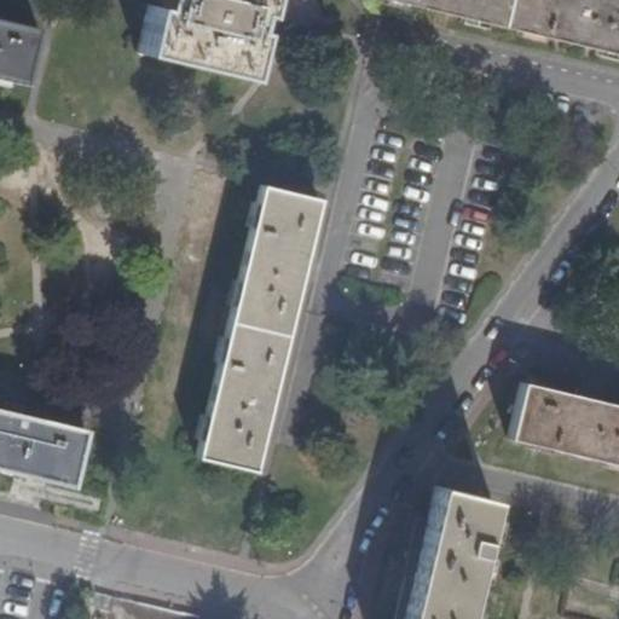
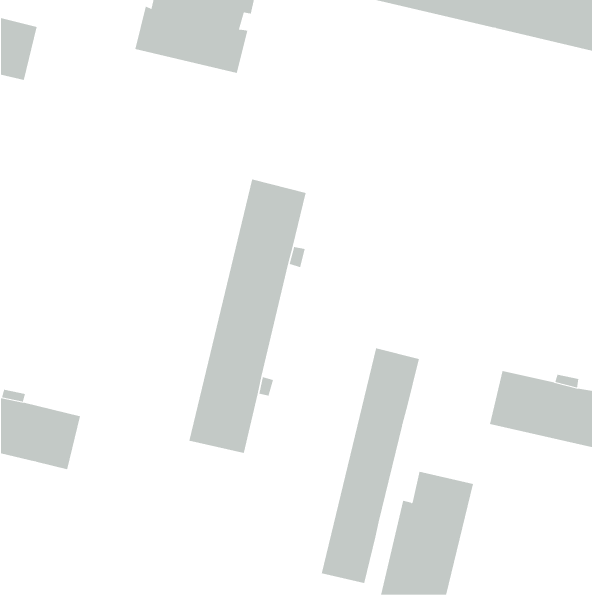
building: none -> [321,347,420,584]

